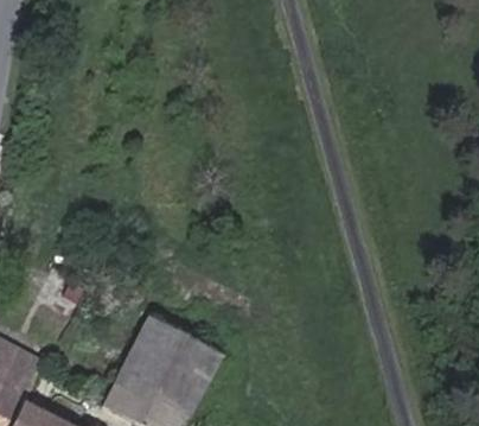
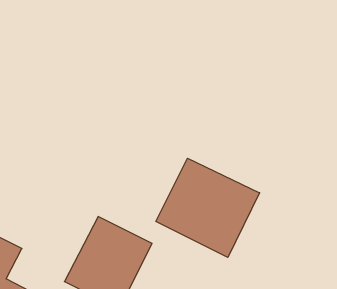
building: none -> [156,158,260,257]

